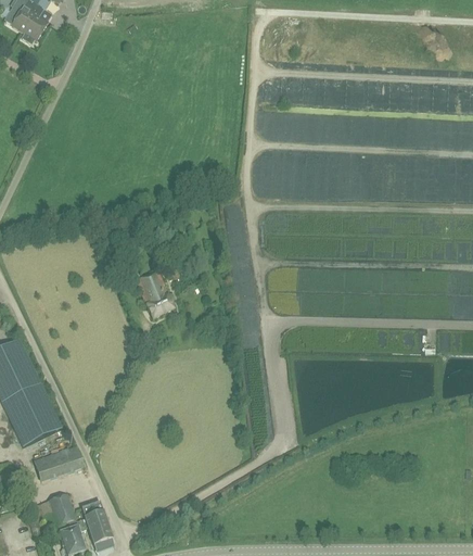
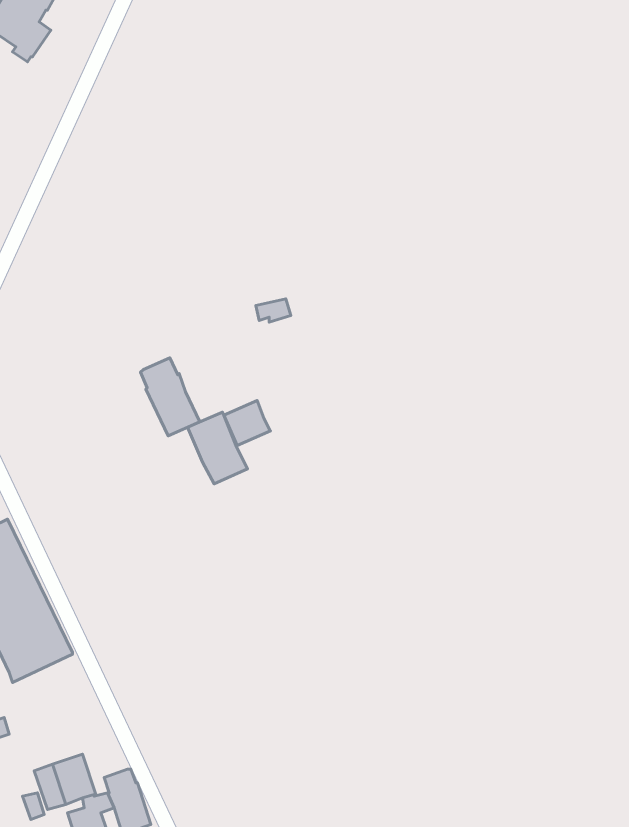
building: none -> [141,358,200,436]
building: none -> [224,401,270,446]
building: [34,444,86,481] -> none

